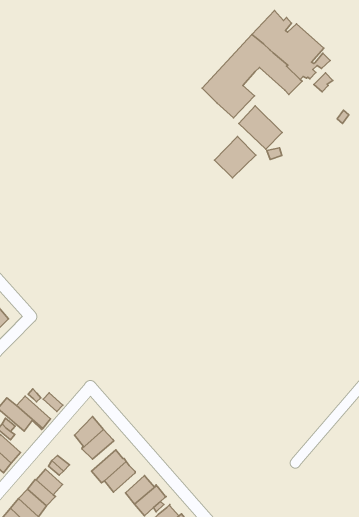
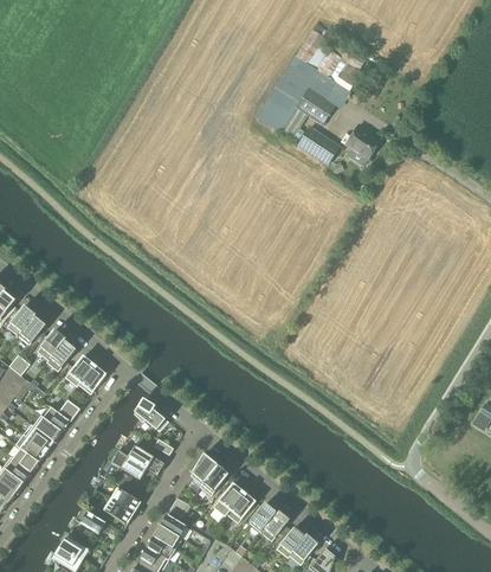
building: none -> [293,86,335,126]
building: none -> [344,124,379,158]
building: [215,136,256,178] -> none
building: none -> [133,397,168,431]

